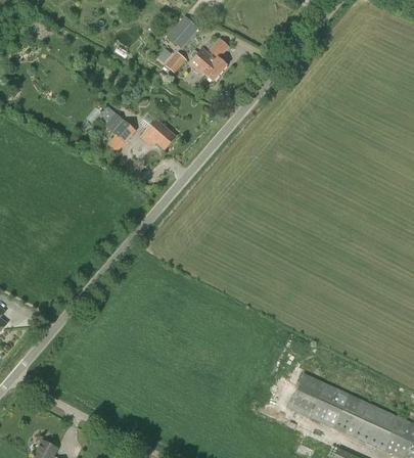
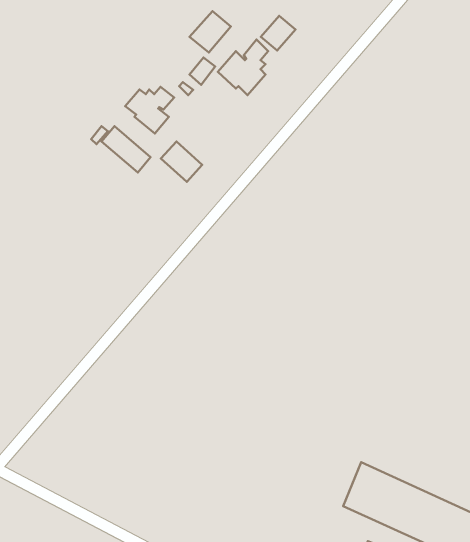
building: none -> [261,16,295,51]
building: none -> [125,87,174,133]

